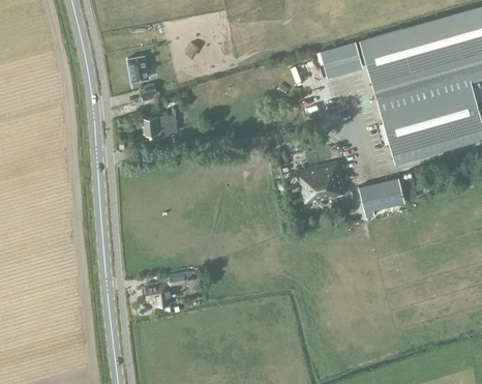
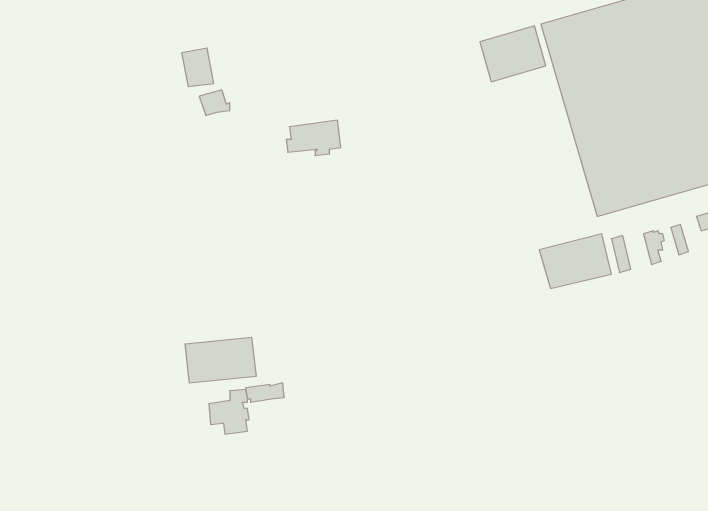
building: [142,115,177,138] -> [286,120,341,156]
building: [297,163,343,205] -> none
building: none -> [185,337,256,383]

